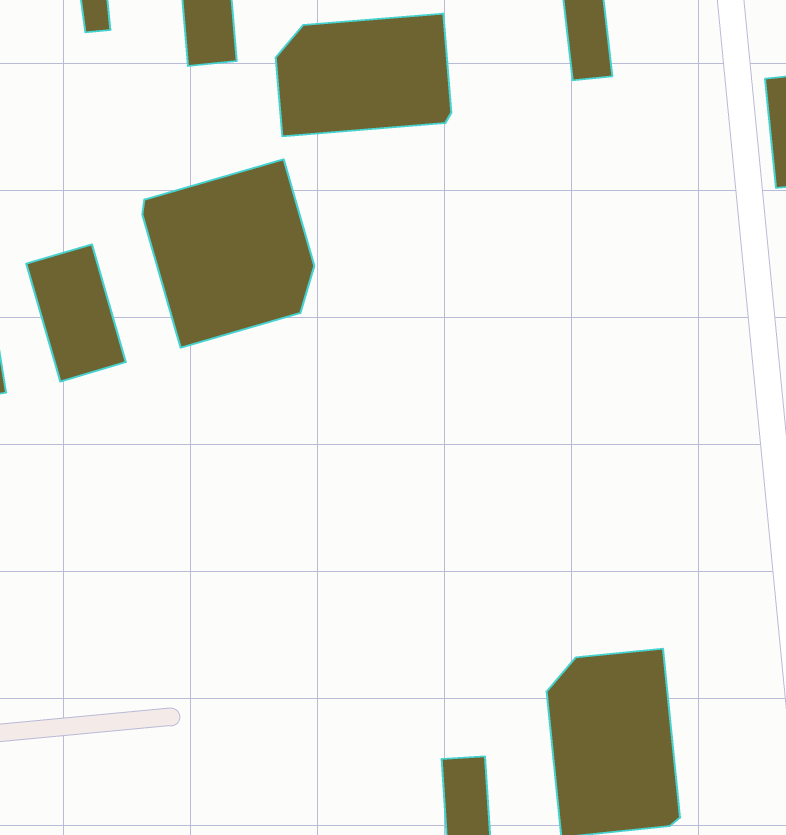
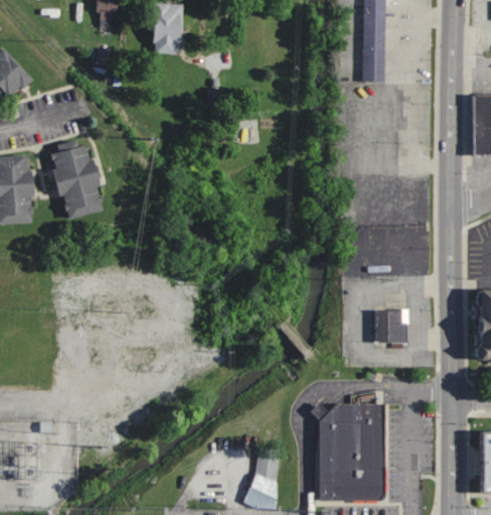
building: [276,13,451,136] -> none
building: [142,159,314,348] -> none
building: none -> [373,307,407,341]

